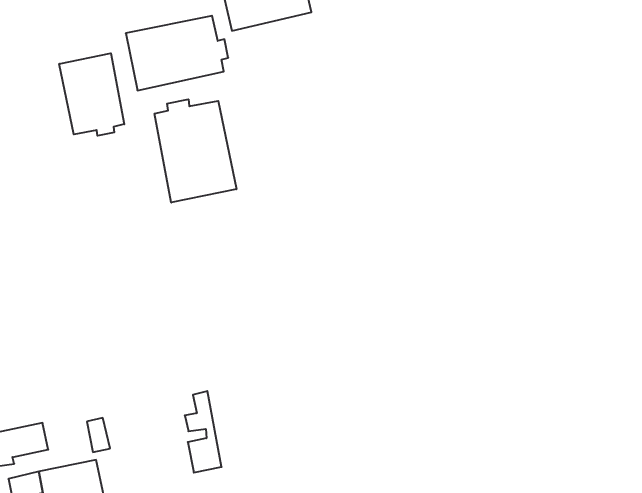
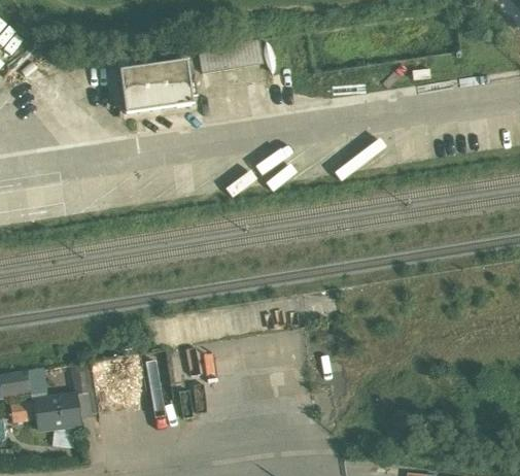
building: [59,53,124,136] -> none
building: [155,99,236,203] -> none

